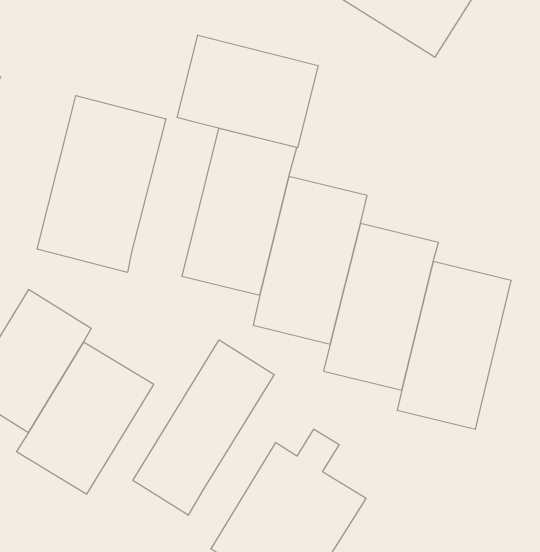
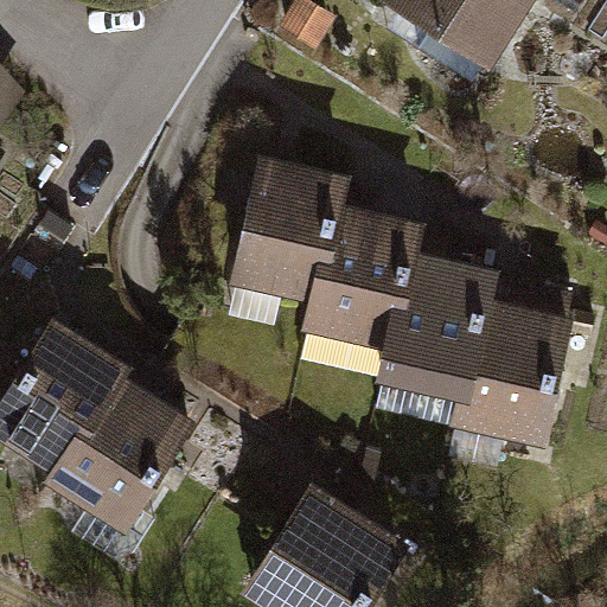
building: [177,35,318,148] -> none
building: [37,96,166,272] -> none
building: [133,340,274,515] -> none

